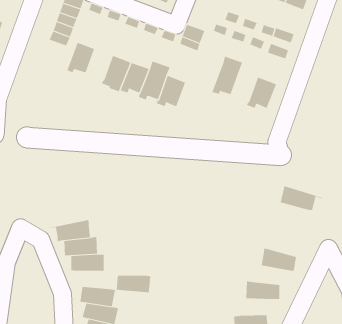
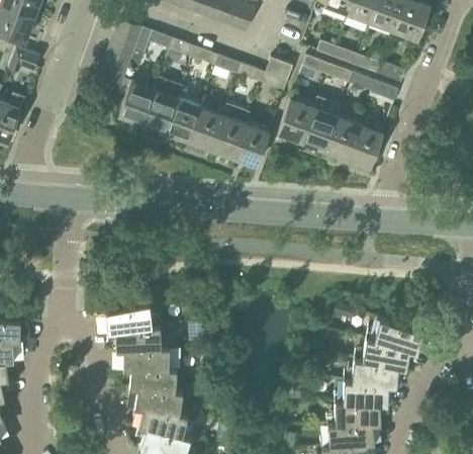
building: none -> [140,77,182,127]
building: none -> [278,98,314,145]
building: none -> [322,115,359,155]
building: [280,185,322,210] -> [375,319,429,350]
building: none -> [353,358,397,384]
building: [116,275,151,293] -> [130,367,175,389]
building: none -> [336,401,379,423]

